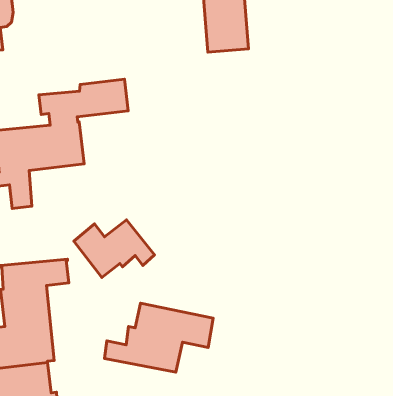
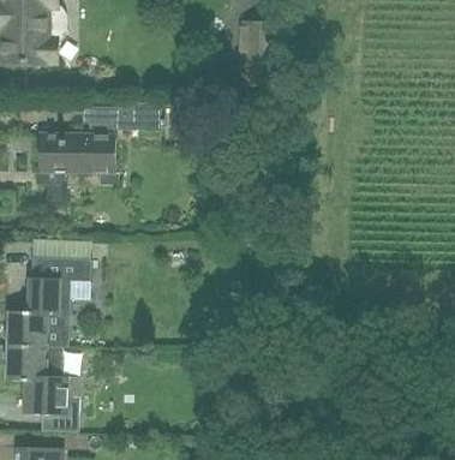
building: [74,220,155,277] -> none
building: [104,303,213,372] -> none

